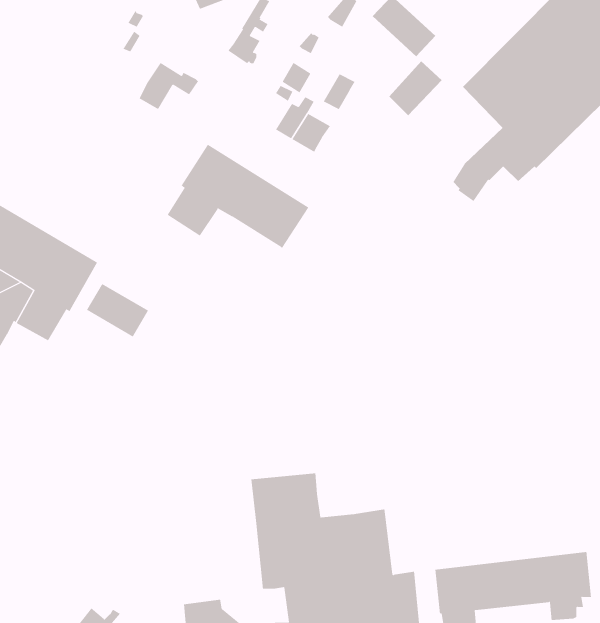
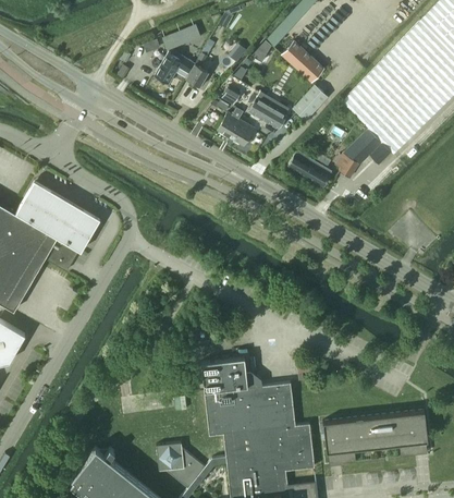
building: [139,62,199,110] -> [155,52,195,84]
building: none -> [259,99,285,129]
building: [167,144,309,249] -> none
building: none -> [287,150,331,186]
building: [86,283,149,337] -> none

